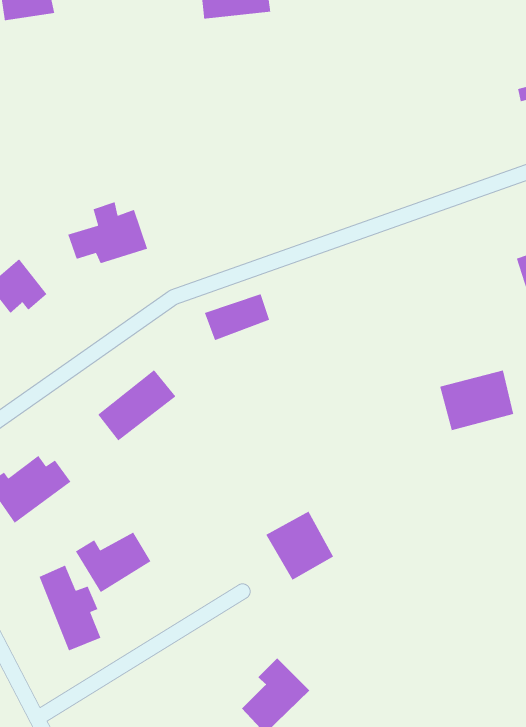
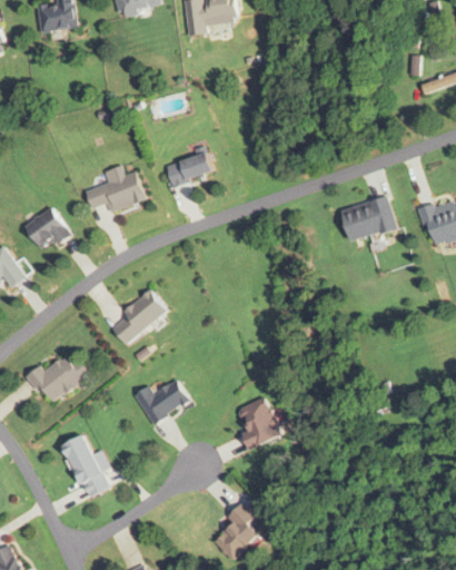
building: [204,293,270,341] -> [165,151,214,187]
building: [439,370,514,431] -> [339,196,395,242]
building: [75,532,151,593] -> [135,380,191,425]

